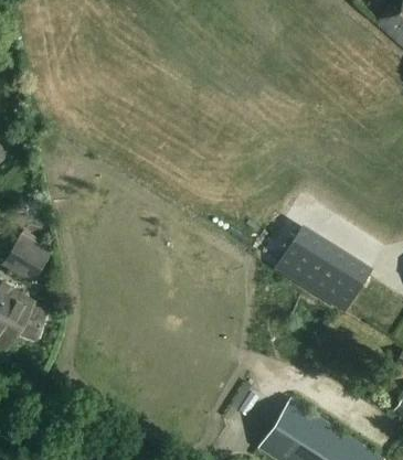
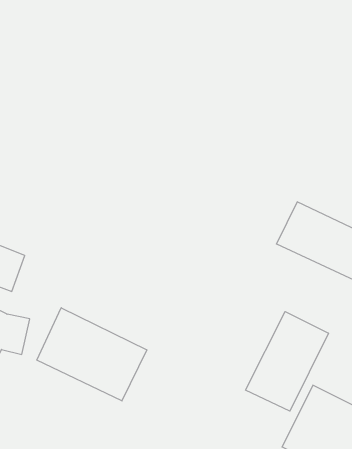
building: none -> [37,308,147,401]
building: none -> [246,312,328,411]

